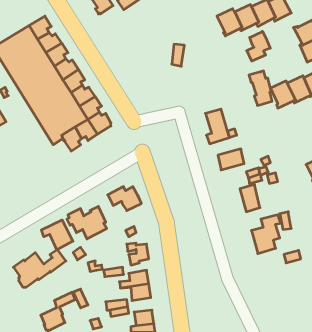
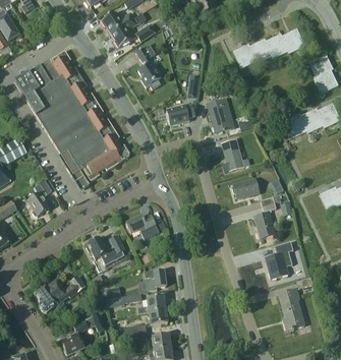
building: none -> [135,44,160,89]
building: [247,31,270,61] -> none
building: [249,71,272,105] -> [208,99,230,132]
building: none -> [165,104,194,125]
building: none -> [25,180,51,216]
building: [41,220,73,250] -> none
building: none -> [277,289,303,331]

